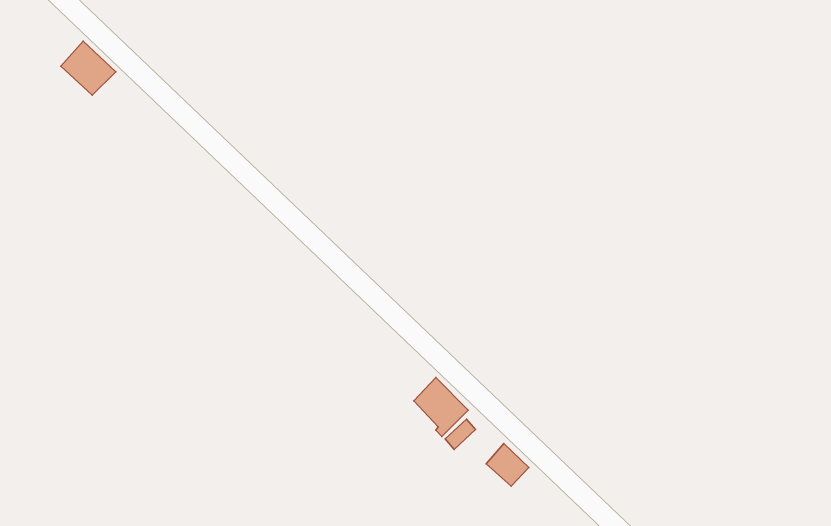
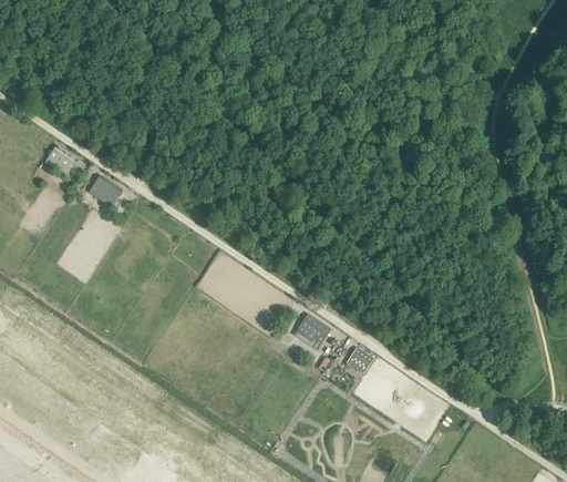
building: none -> [90,174,123,206]

